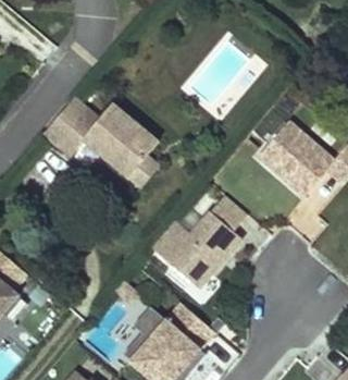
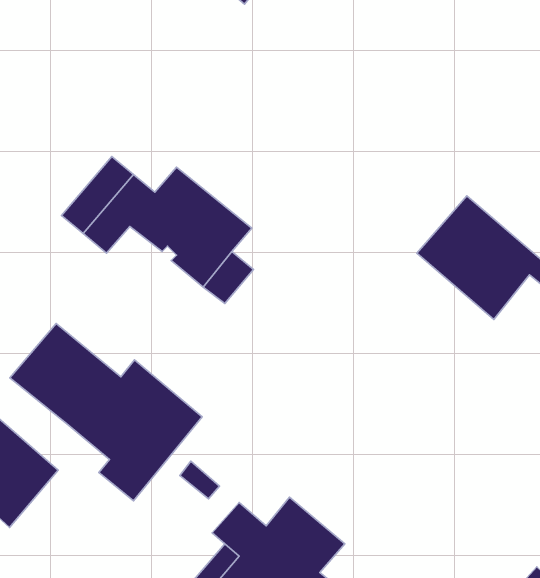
building: [152,195,247,286] -> none
building: none -> [10,324,202,501]

